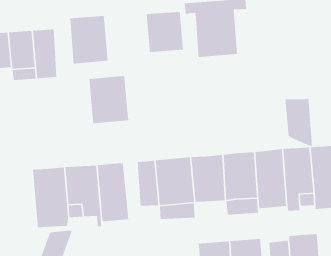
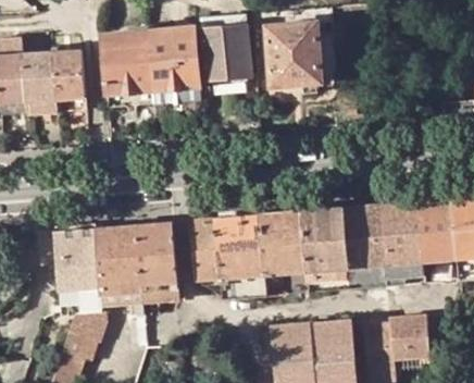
building: [88,75,129,124] -> [148,25,201,89]
building: [285,98,313,146] -> none

